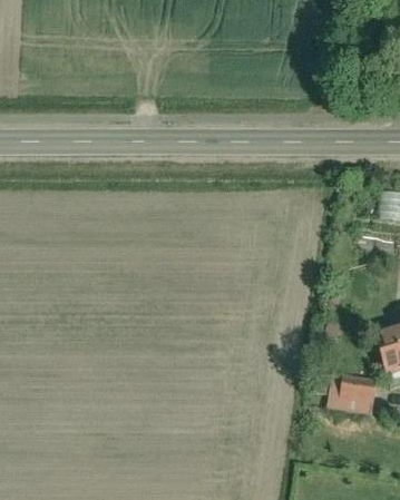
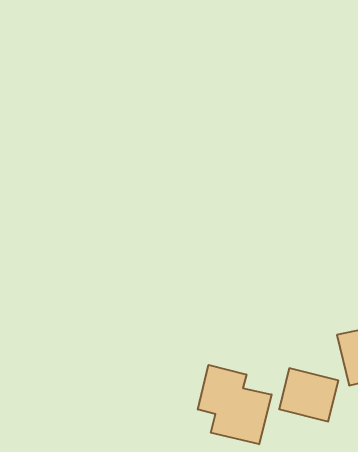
building: none -> [198,365,272,444]

